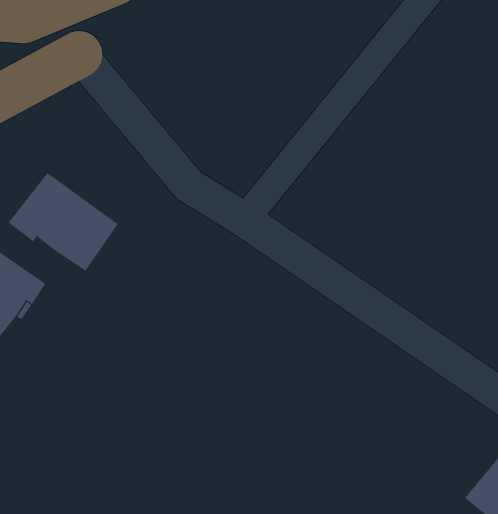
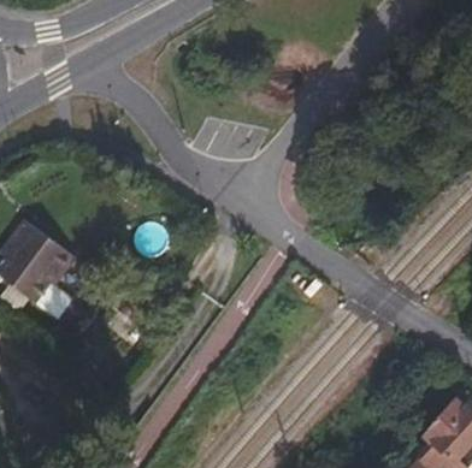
building: [8,172,118,271] -> none

